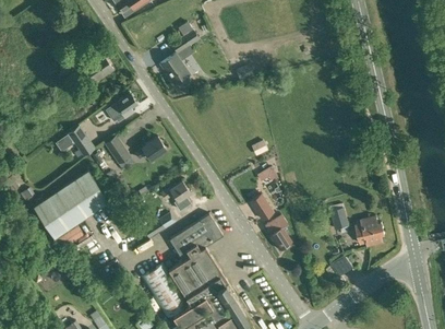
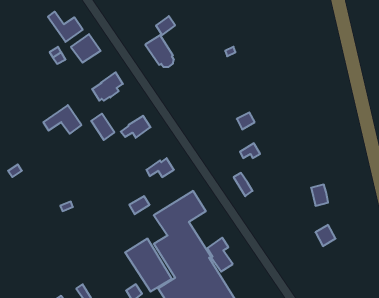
building: none -> [48,12,83,42]
building: [33,171,109,239] -> none
building: [265,215,291,250] -> [207,238,233,272]
building: [356,218,385,247] -> none

